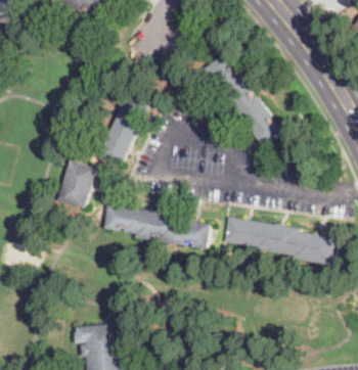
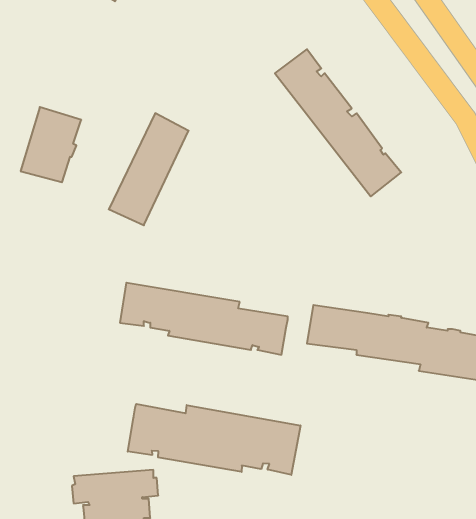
building: [56,159,95,207] -> [21,107,81,182]
building: none -> [128,404,300,475]

